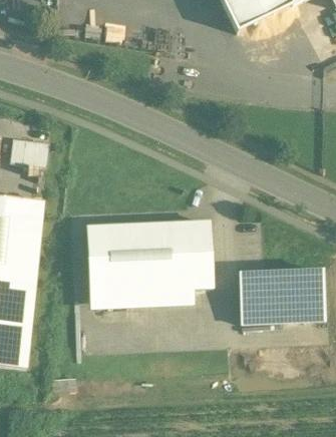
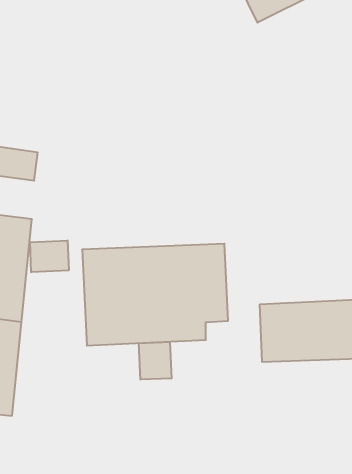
building: none -> [30,240,69,272]
building: none -> [139,342,172,380]

